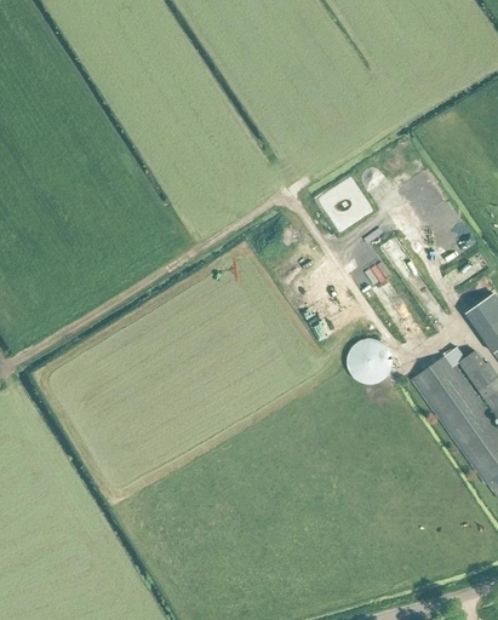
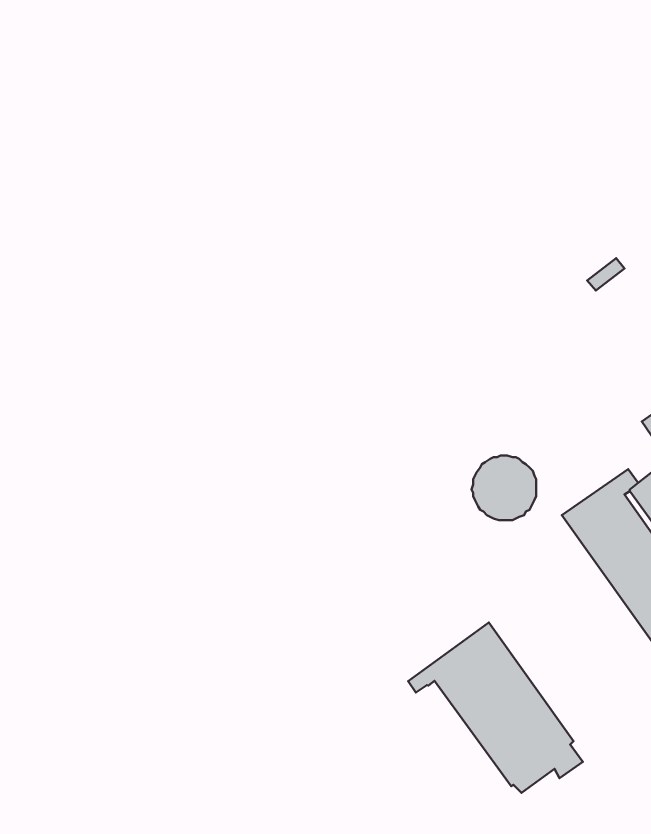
building: none -> [408,623,583,793]

